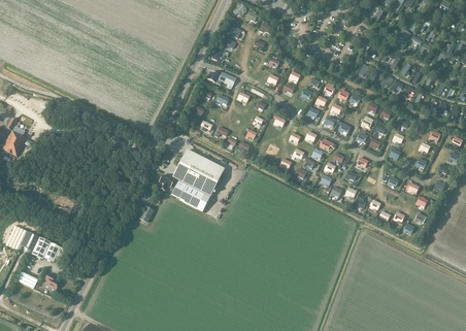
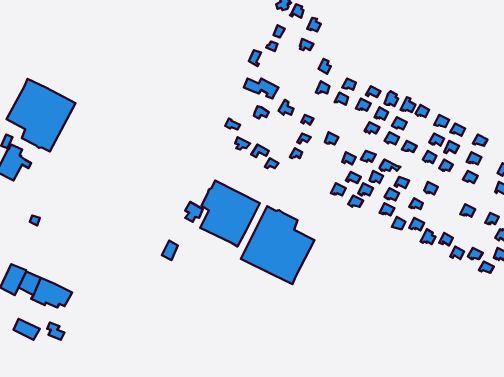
building: none -> [6,79,75,152]
building: none -> [241,206,315,284]

